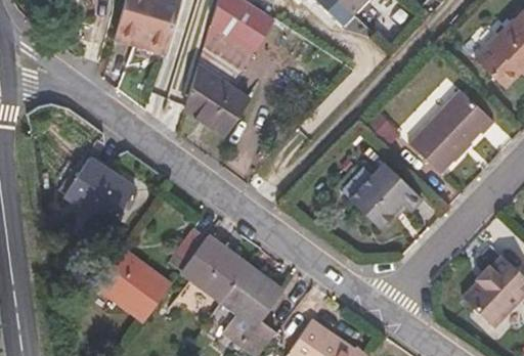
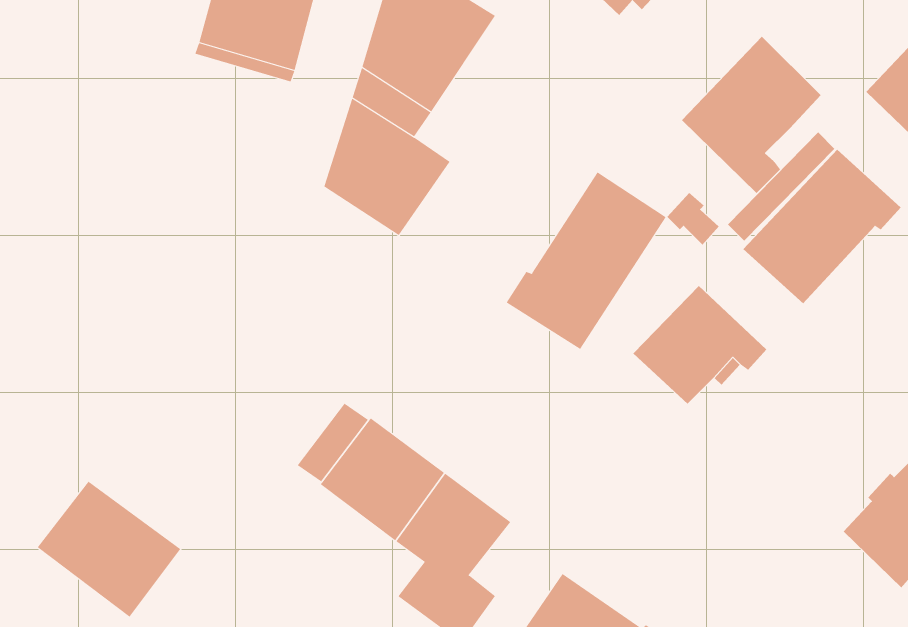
building: none -> [681,36,821,194]
building: none -> [506,172,667,350]
building: [63,155,136,226] -> none
building: [93,248,171,321] -> [37,481,181,617]

